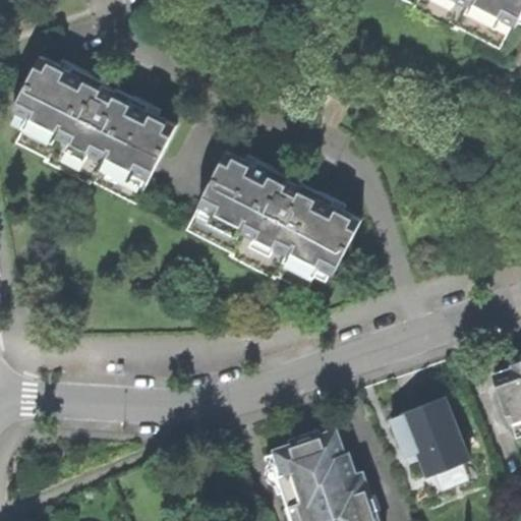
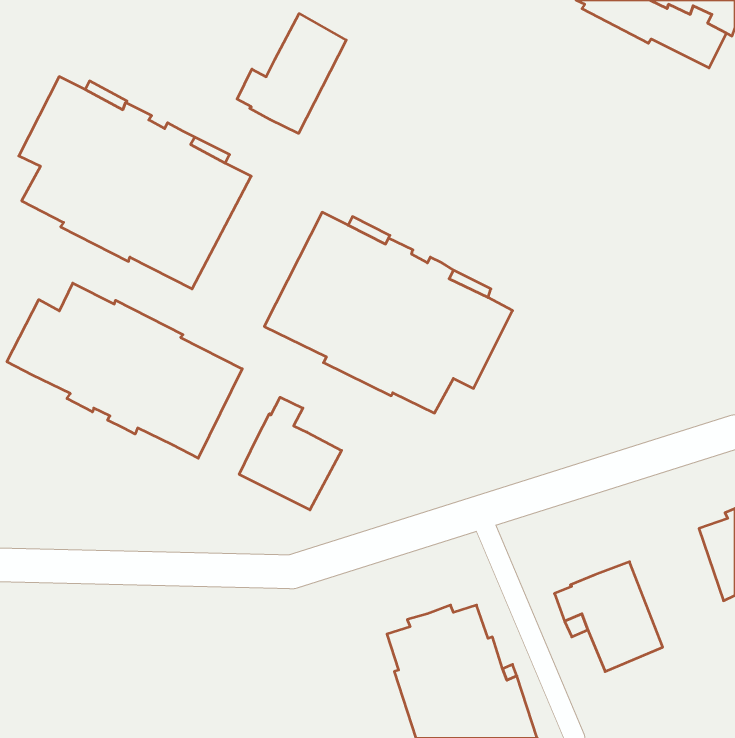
building: none -> [237,14,346,133]
building: none -> [7,283,242,458]
building: none -> [239,397,342,510]

